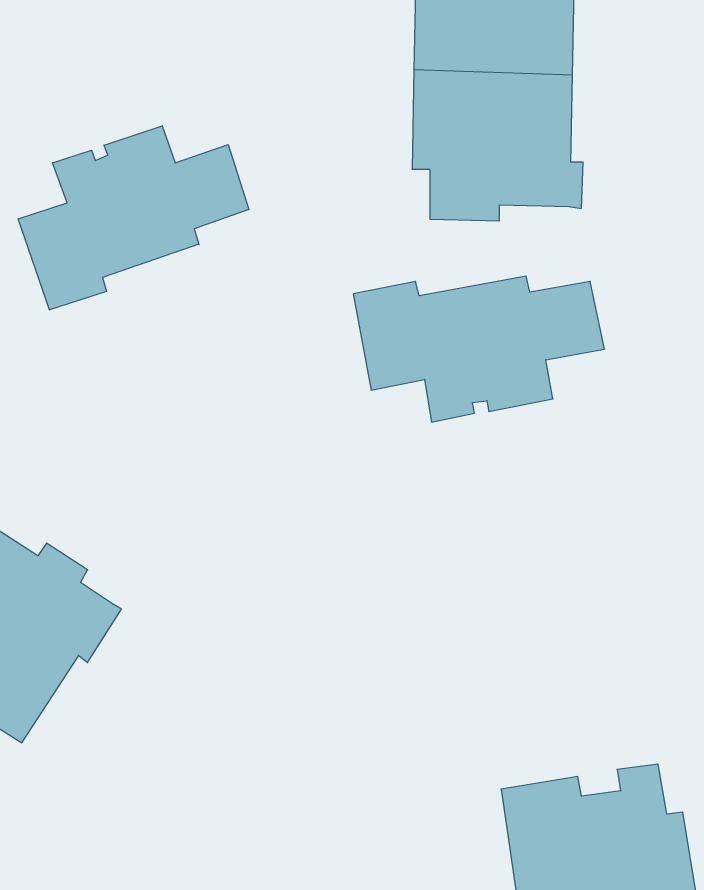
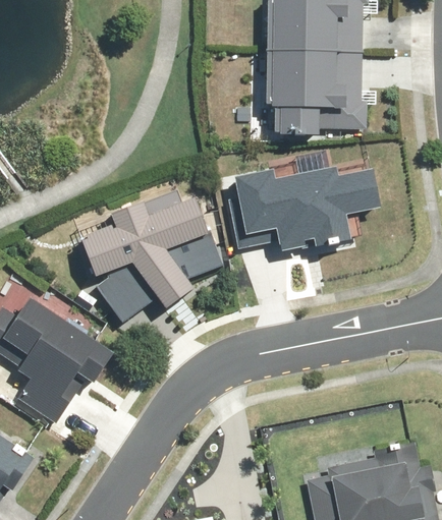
building: [18,126,249,310] -> none
building: none -> [72,181,218,323]

